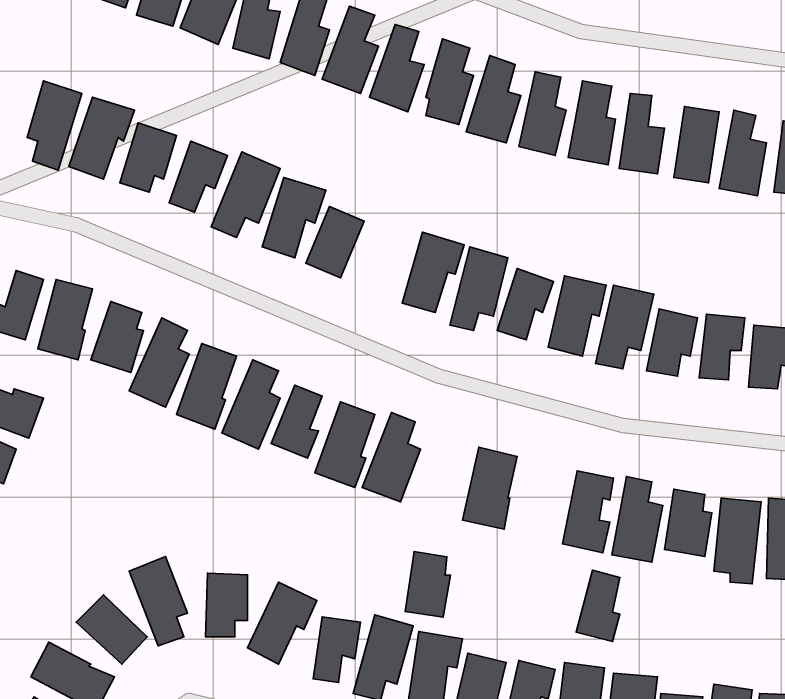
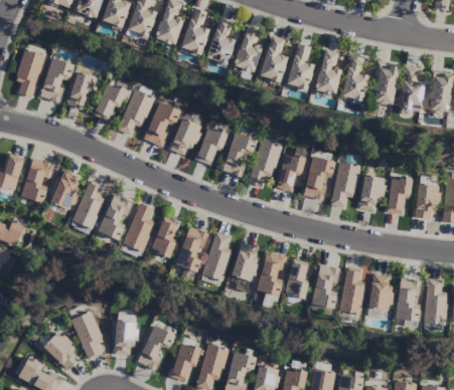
building: none -> [194,126,228,165]
building: [405,551,451,617] -> [233,243,258,279]
building: [576,570,620,641] -> [284,258,308,298]

